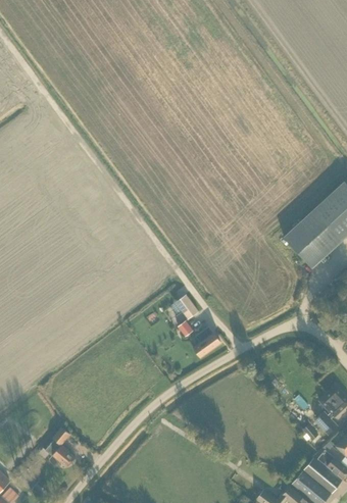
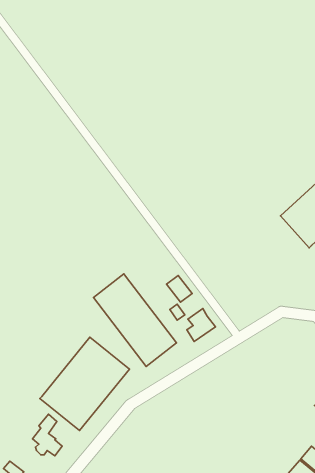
building: none -> [94,274,176,366]
building: none -> [40,337,130,430]

